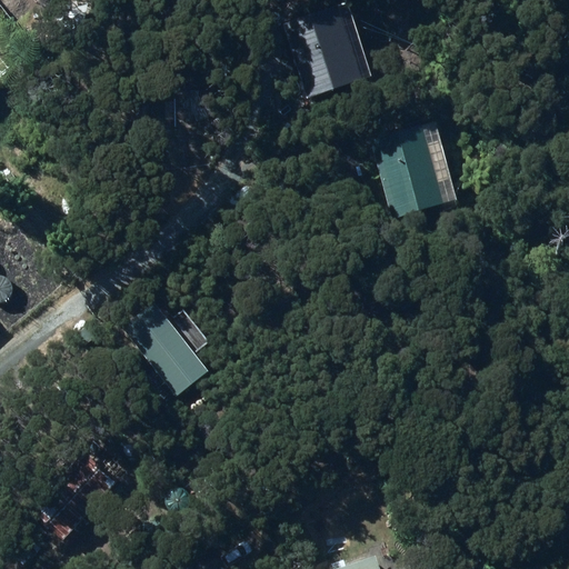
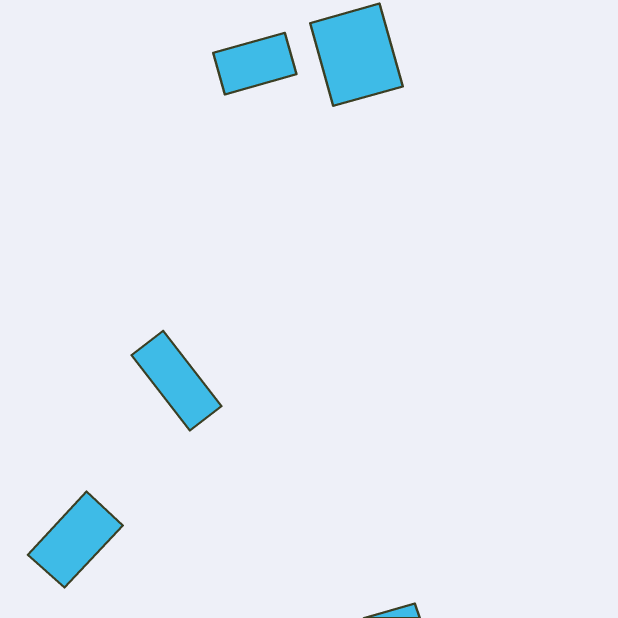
building: none -> [213,33,297,94]
building: [371,119,469,218] -> none

